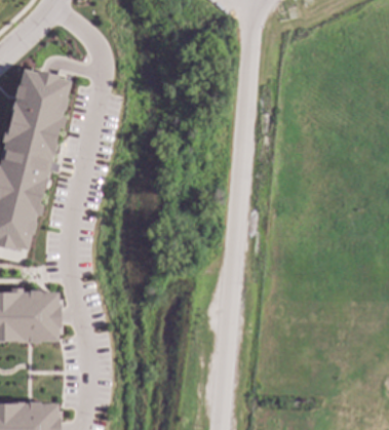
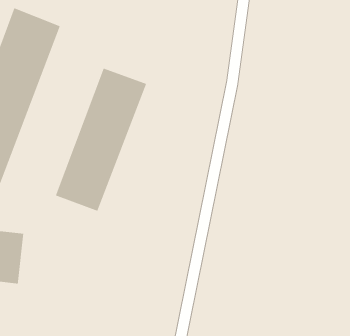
building: none -> [55,68,147,212]

